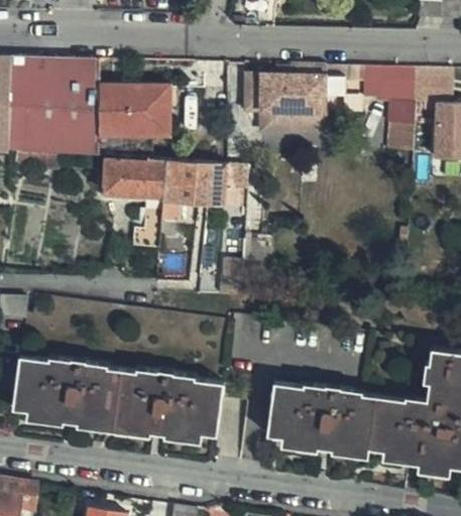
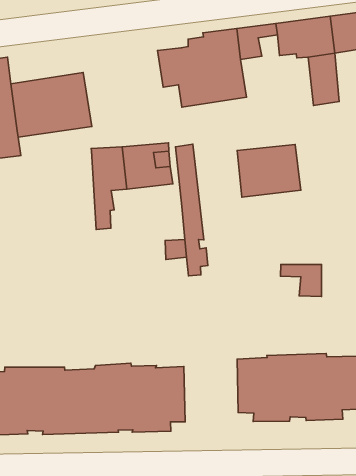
building: [101,159,165,249] -> none
building: none -> [237,145,301,197]
building: none -> [280,264,322,296]

